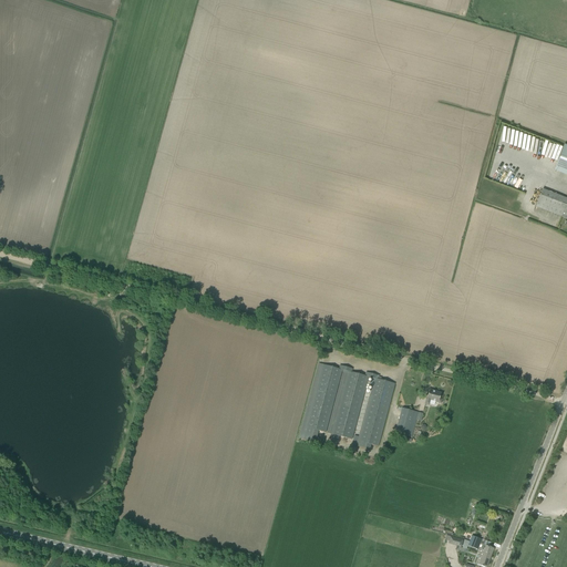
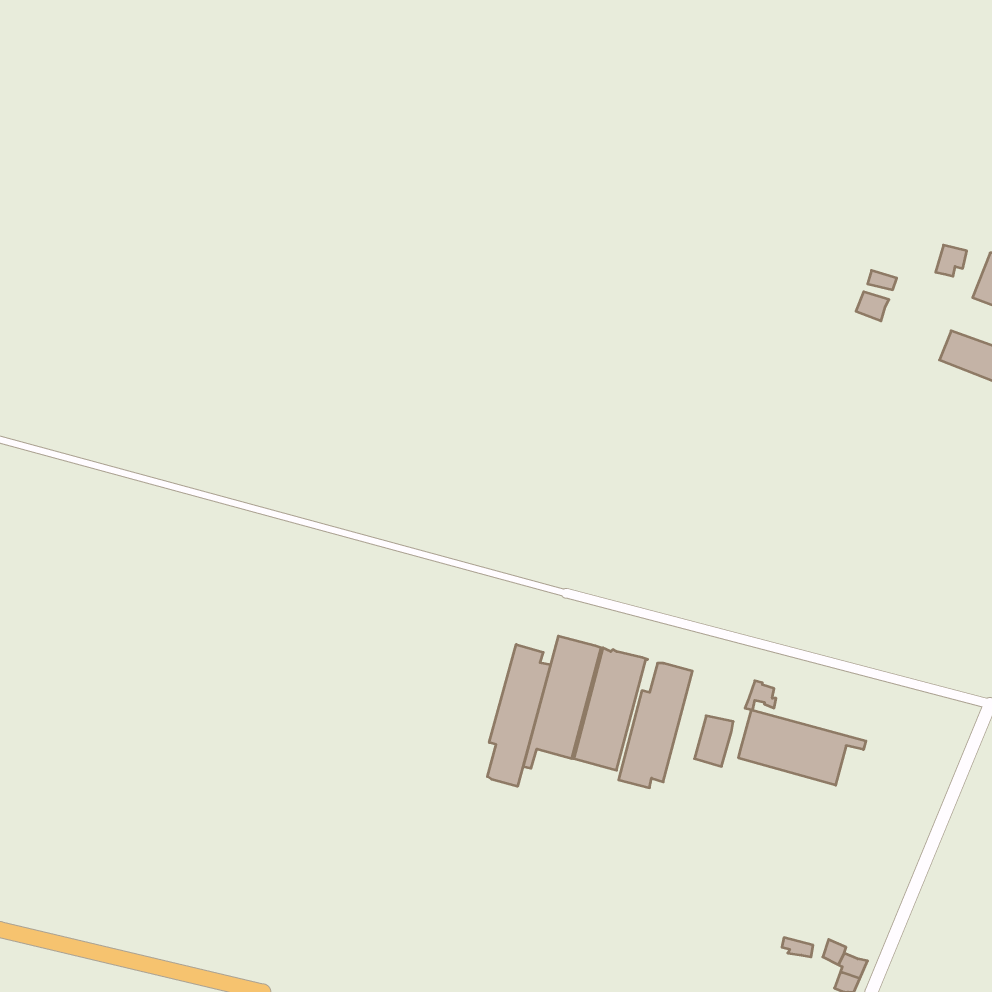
building: none -> [487,644,551,786]
building: none -> [739,710,866,785]

